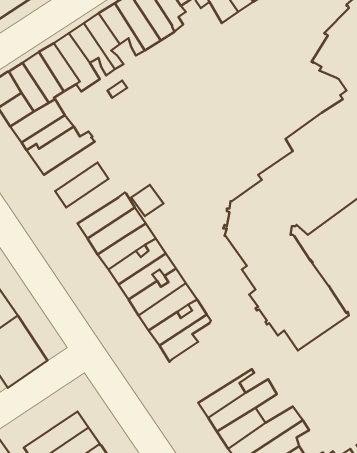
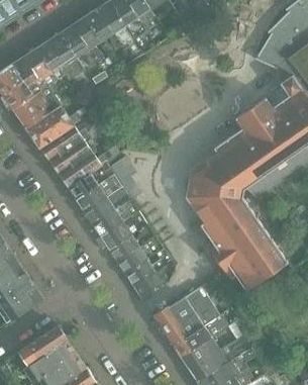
building: none -> [40,110,98,162]
building: none -> [59,146,120,188]
building: none -> [152,289,209,333]
building: none -> [15,326,68,370]

